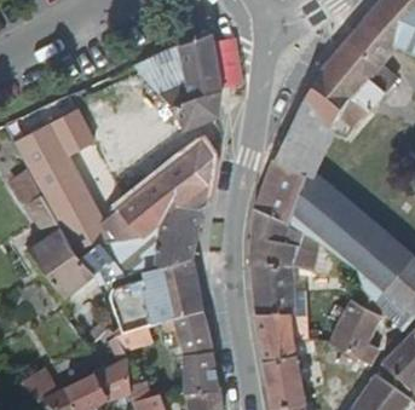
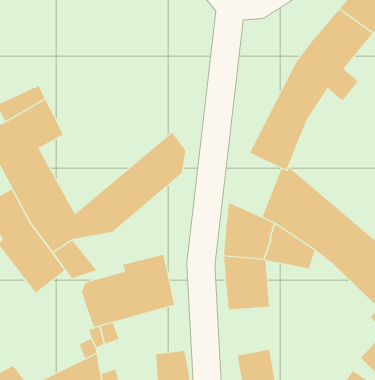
building: [136,34,220,131] -> none
building: [255,161,307,224] -> none
building: [154,180,211,270] -> none
building: [329,300,382,364] -> none
building: [165,310,213,358] -> none
building: [255,312,296,359] -> none

